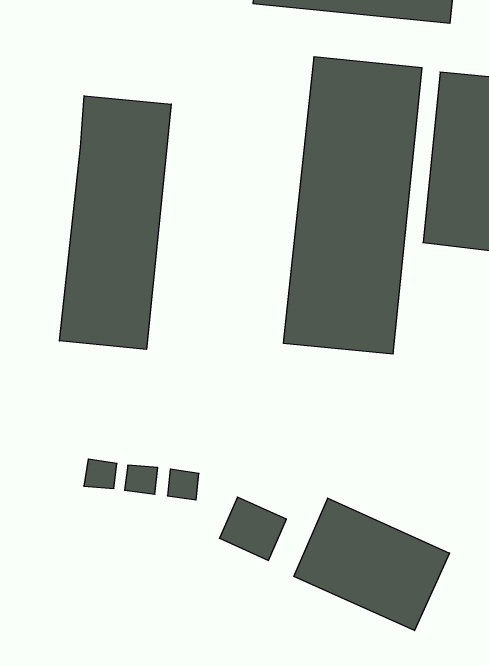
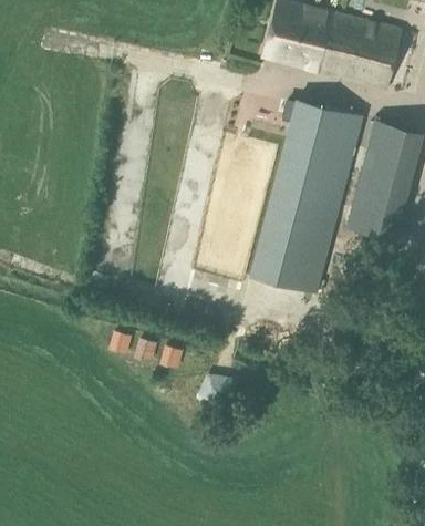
building: [59,96,171,349] -> none
building: [294,498,450,631] -> none

